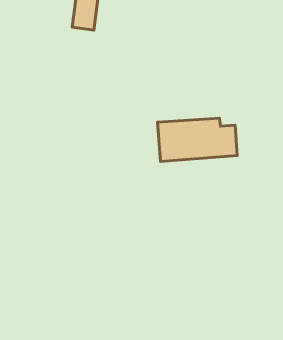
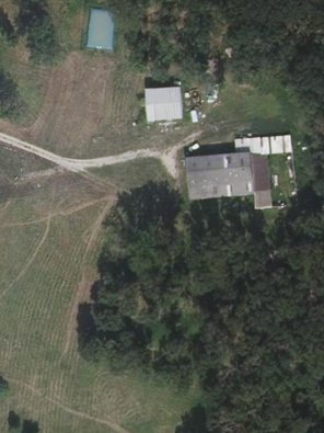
building: none -> [147,87,183,118]

